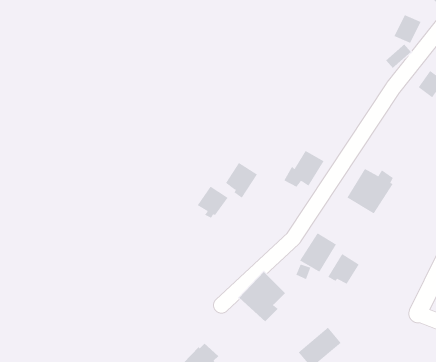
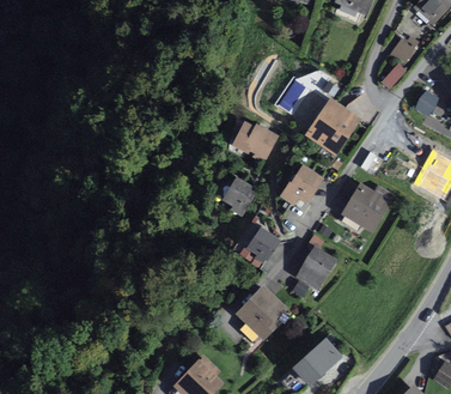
building: none -> [307,99,358,153]
building: none -> [233,123,276,159]
building: [197,186,228,219] -> [248,229,279,261]
building: [327,253,359,285] -> none

